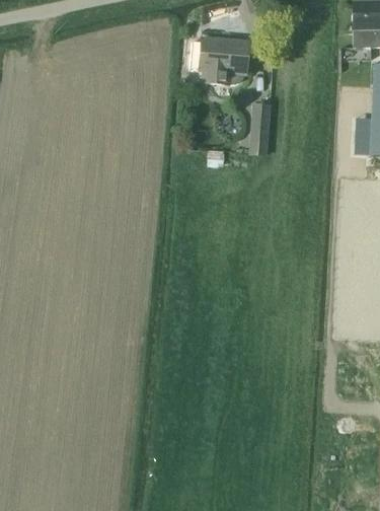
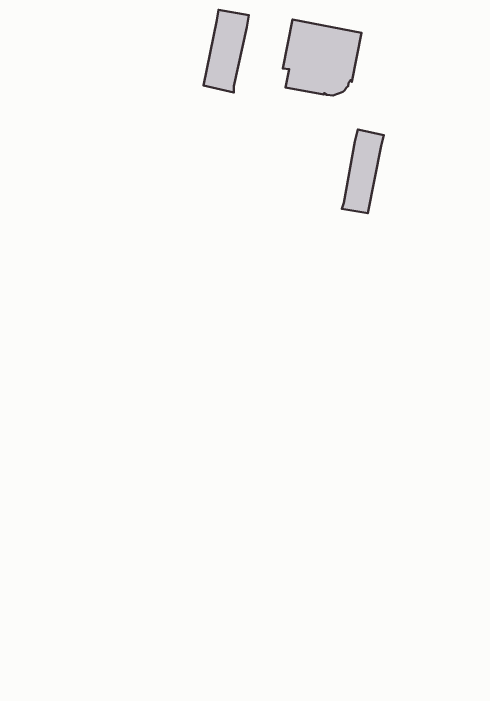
building: none -> [204,10,249,92]

